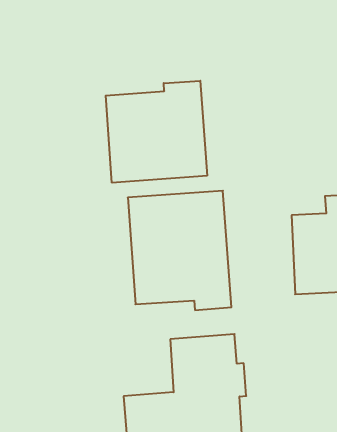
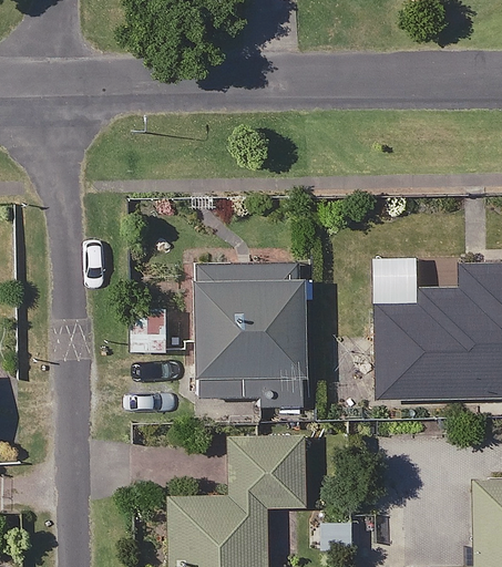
building: [106,81,207,183] -> none

